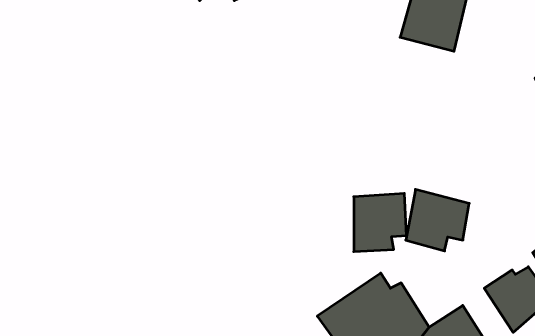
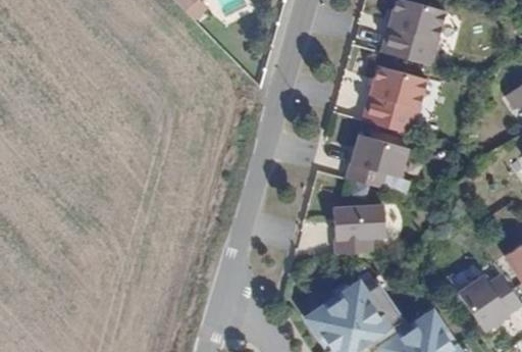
building: none -> [365,61,428,136]
building: [406,189,469,251] -> [348,132,408,190]

